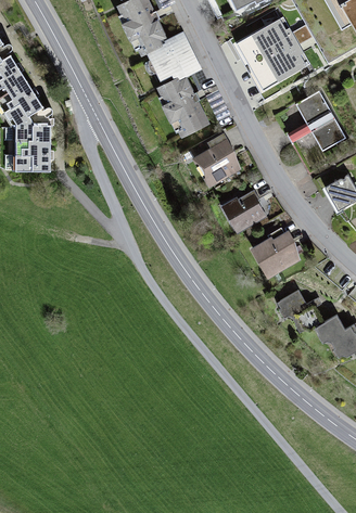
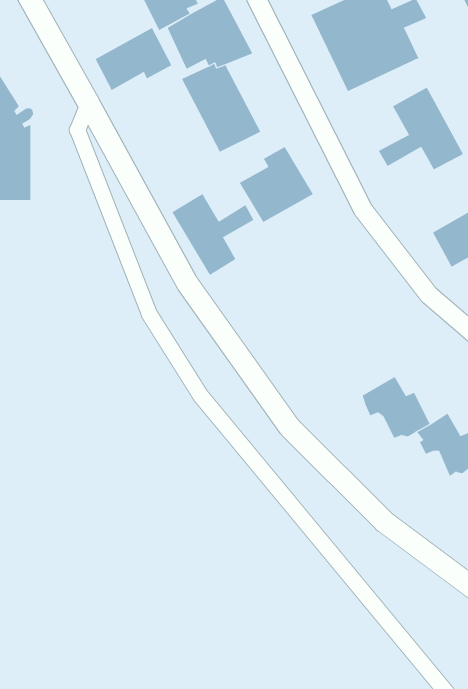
building: none -> [95,27,172,91]
building: none -> [171,193,254,276]
building: [221,191,266,229] -> none
building: [251,229,302,281] -> none

